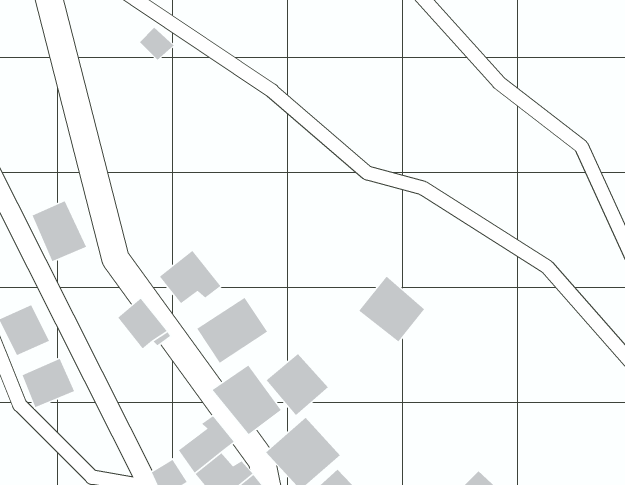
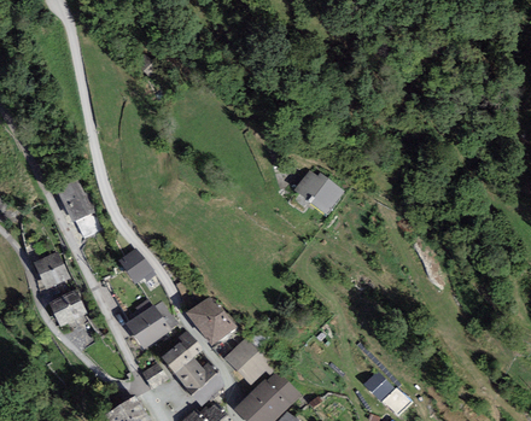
building: [159,250,222,304] -> none
building: [358,275,425,343] -> [288,170,337,218]
building: [196,297,268,364] -> [126,299,177,347]
building: [266,353,329,416] -> none

